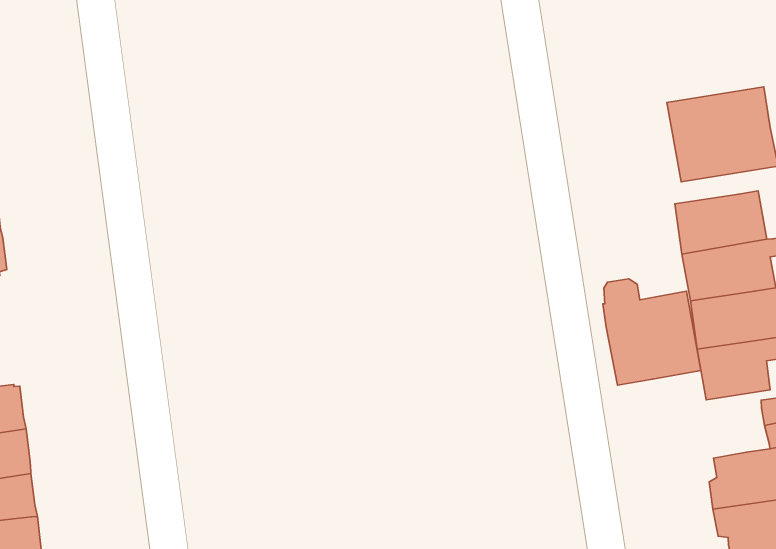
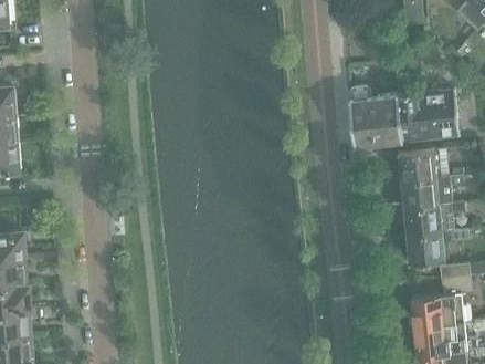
building: [603,279,701,385] -> [350,87,403,147]

